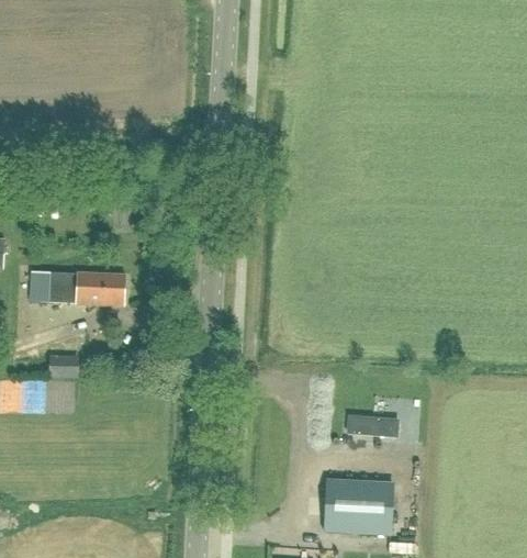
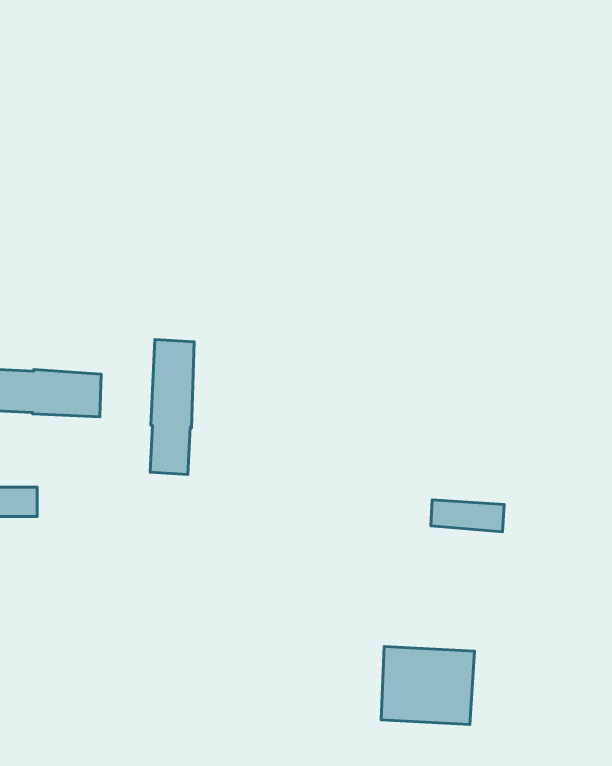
building: none -> [150,339,194,474]
building: [346,415,399,438] -> [431,500,504,532]

